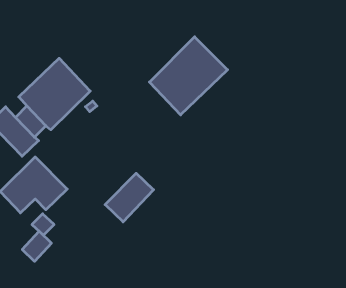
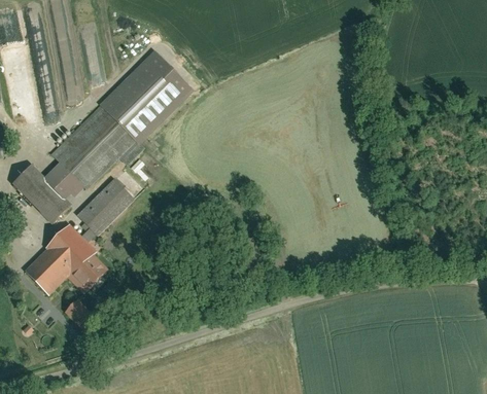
building: [149,37,228,115] -> [99,46,197,144]
building: [105,173,154,222] -> [75,176,136,237]
building: [22,231,51,261] -> none

